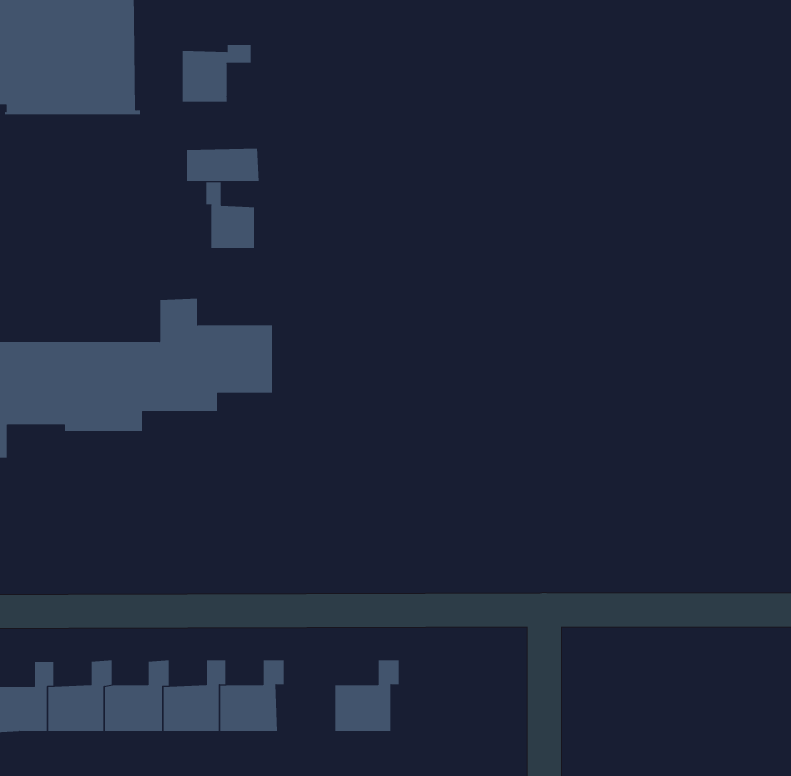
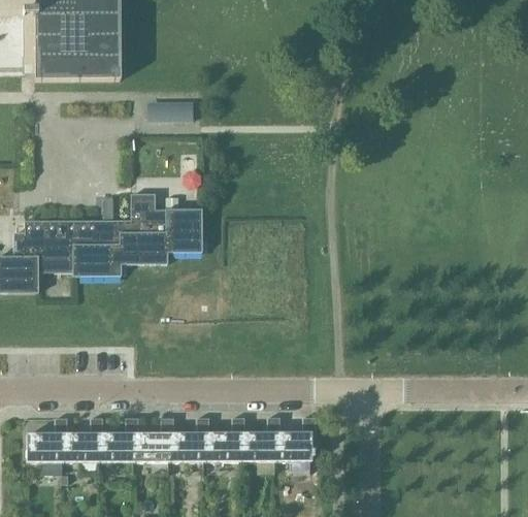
building: [182,44,251,102] -> none
building: [206,182,255,249] -> none
building: none -> [205,417,245,461]
building: none -> [276,417,317,461]

